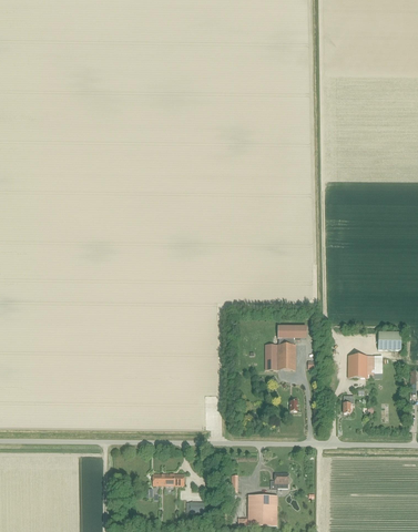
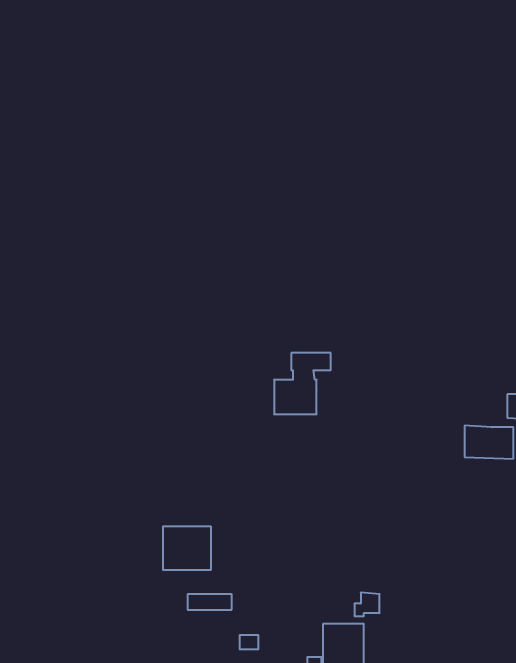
building: [265,326,305,369] -> [274,353,331,414]
building: none -> [163,526,211,570]

